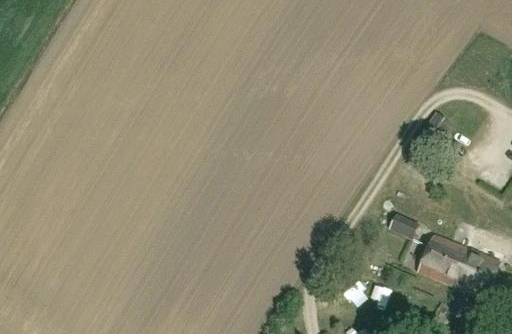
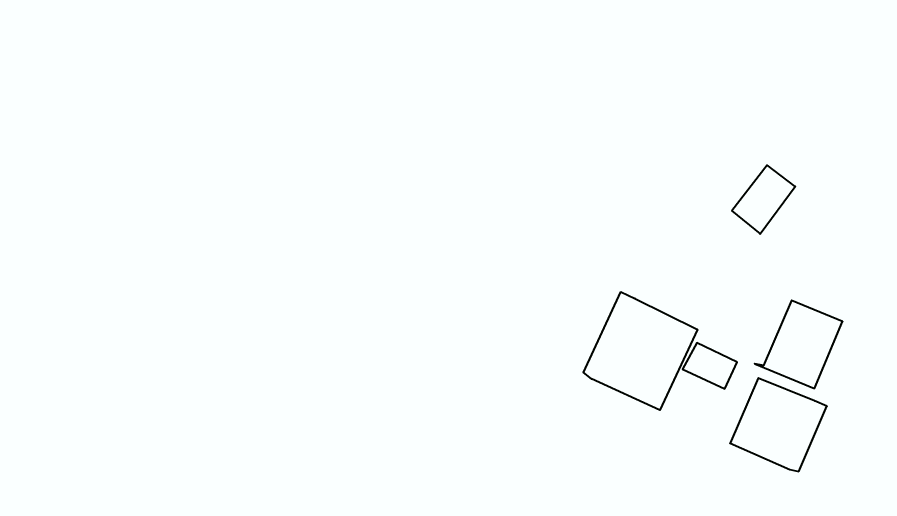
building: none -> [583,292,697,410]
building: [449,249,499,299] -> [755,300,843,388]

